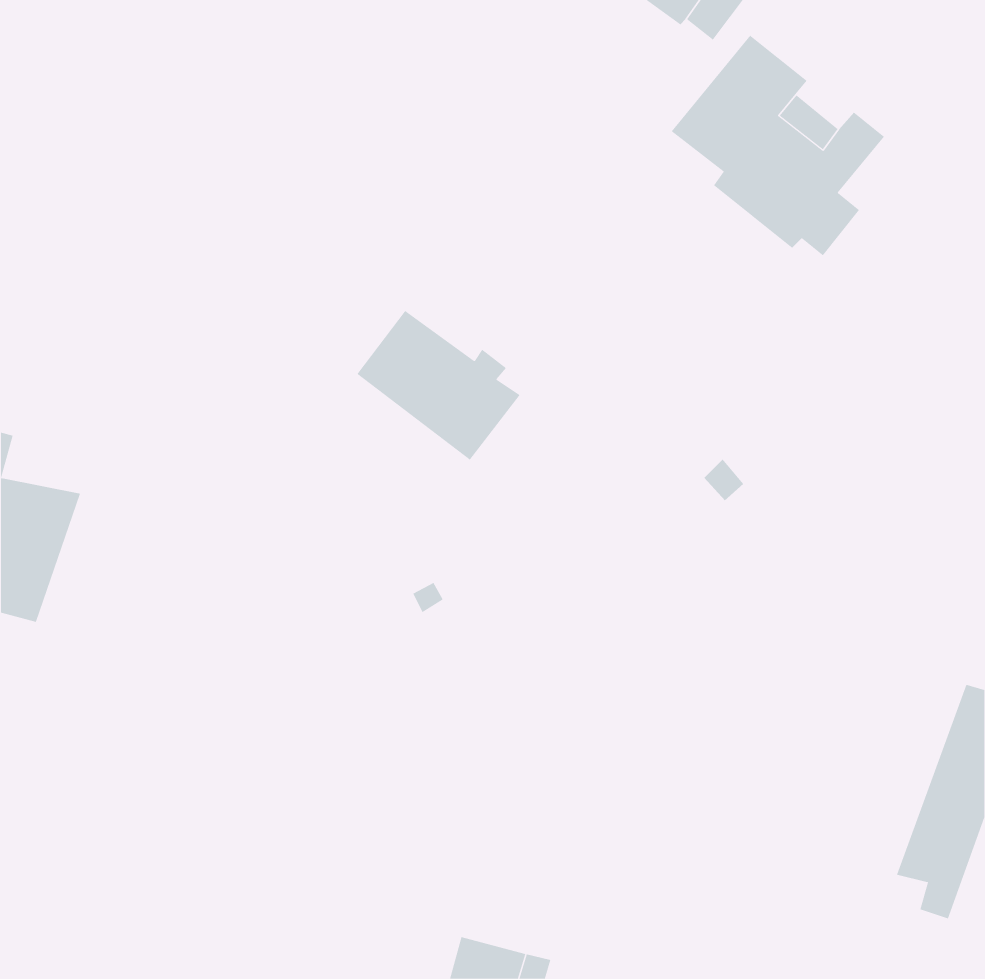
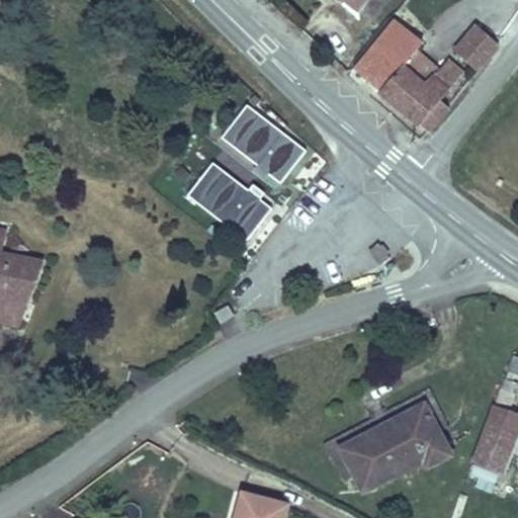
building: none -> [453,25,501,73]
building: none -> [222,105,307,183]
building: none -> [332,399,452,492]

